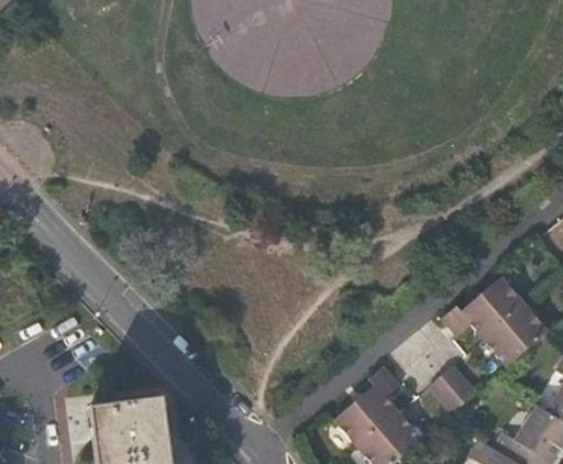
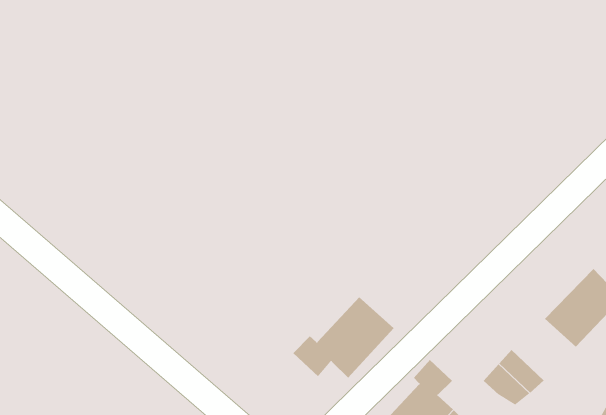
building: [443,274,529,340] -> none
building: none -> [293,297,395,378]

